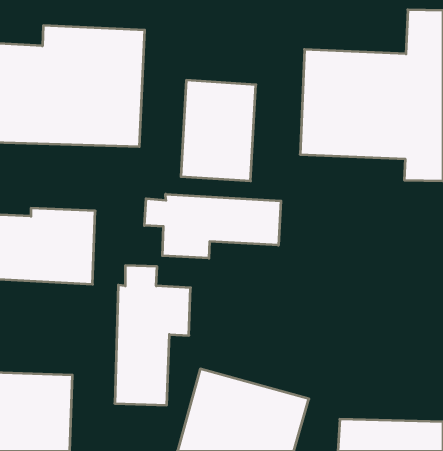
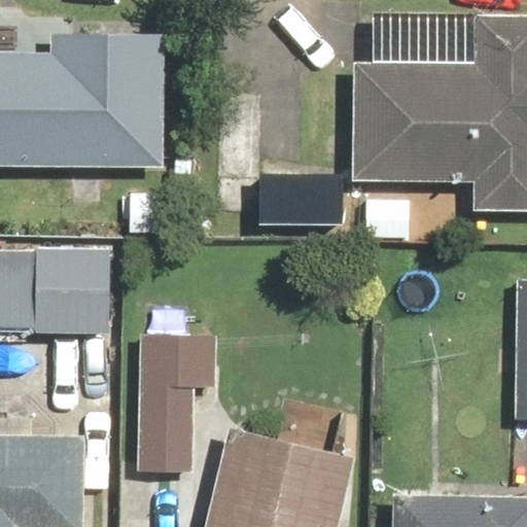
building: [144,194,281,258] -> none

